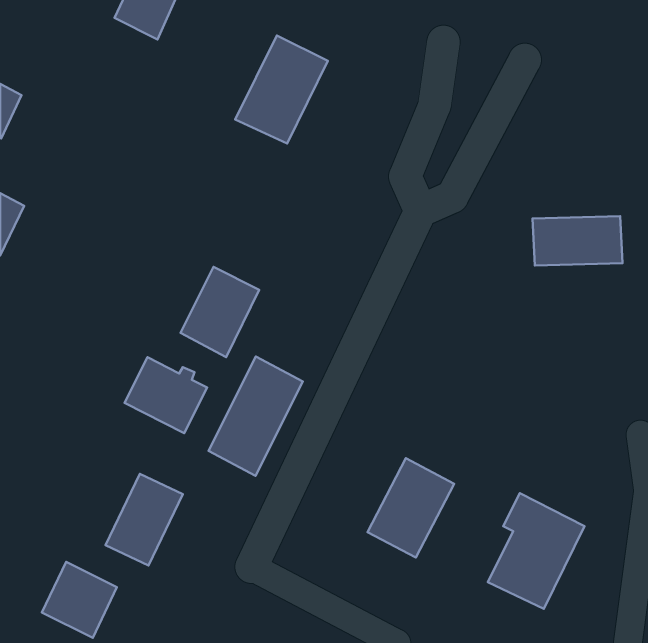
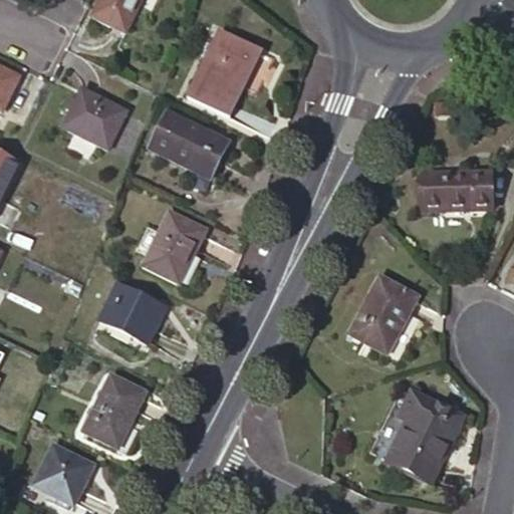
building: none -> [62,88,126,148]
building: none -> [150,110,228,177]
building: [209,356,303,476] -> none
building: [368,458,454,557] -> [349,275,418,353]

